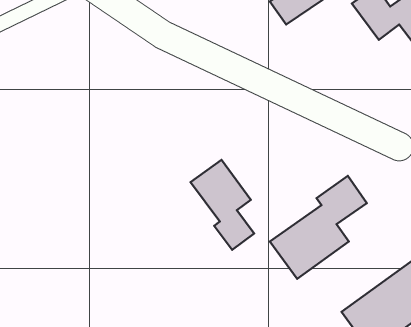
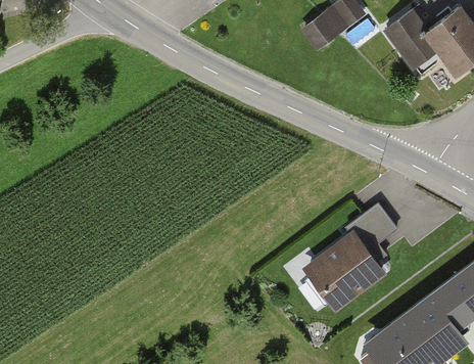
building: [191,160,254,250] -> none

